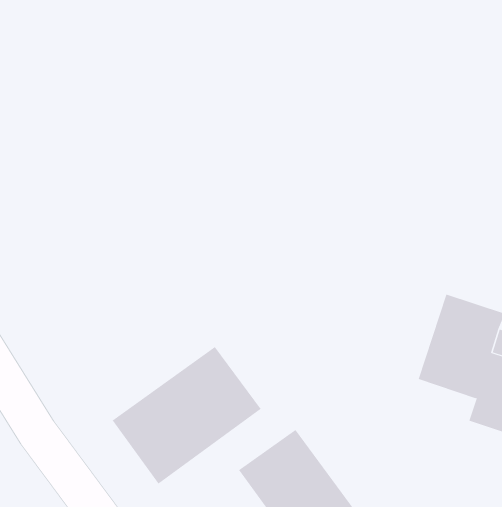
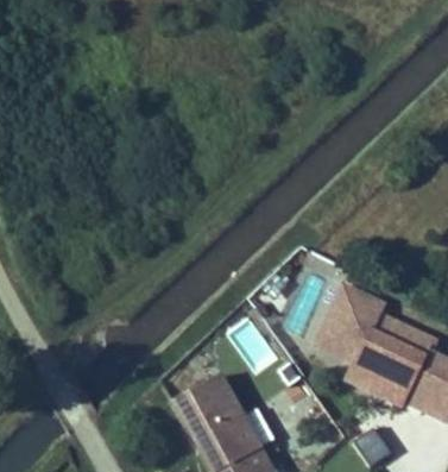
building: [112,346,262,485] -> none

